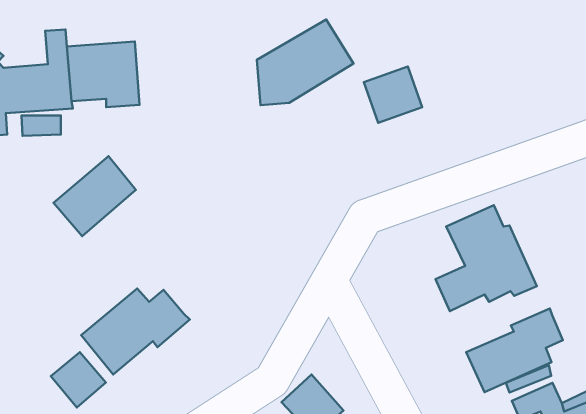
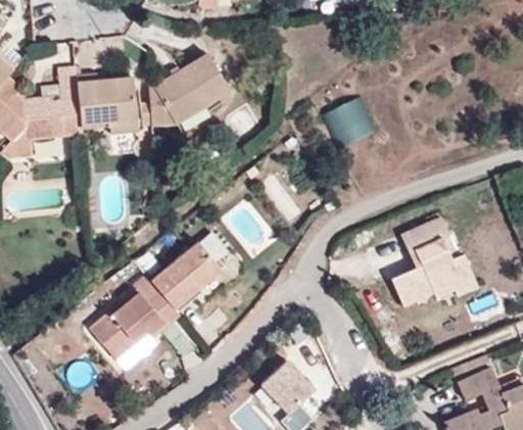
building: [257,19,353,105] -> [148,53,231,127]
building: [54,156,136,236] -> [151,241,222,309]
building: [466,308,563,392] -> none
building: [51,352,106,407] -> none

